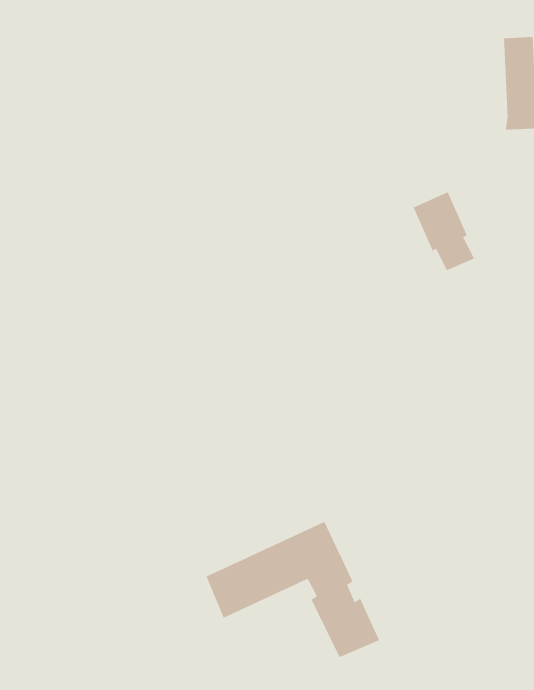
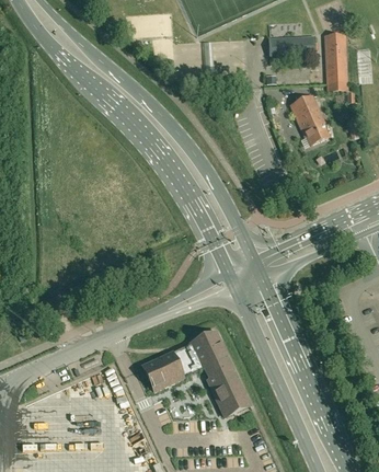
building: none -> [268,34,315,56]
building: [413,191,475,271] -> [290,93,329,142]

